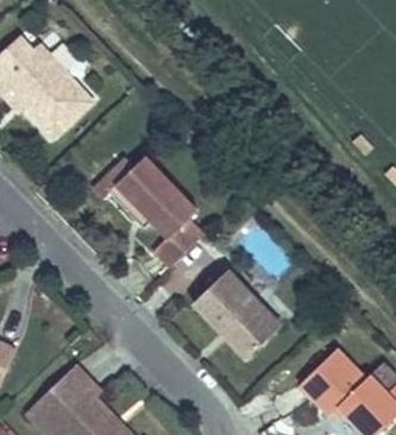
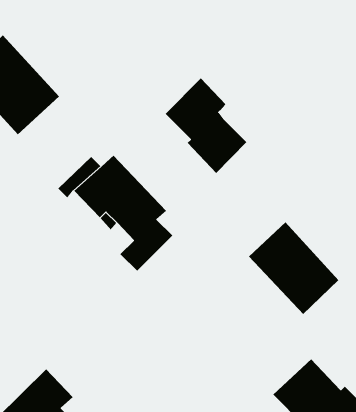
building: none -> [165,78,247,174]
building: [190,269,277,358] -> [248,222,339,315]

